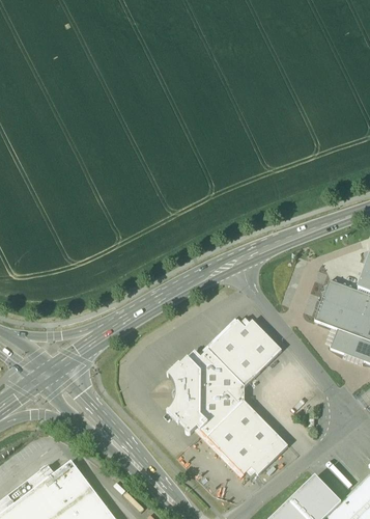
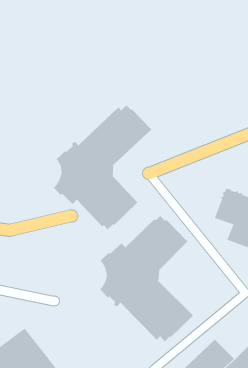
building: none -> [53,104,152,230]

